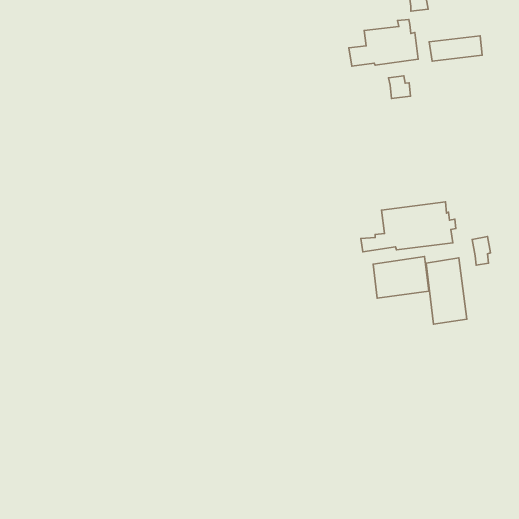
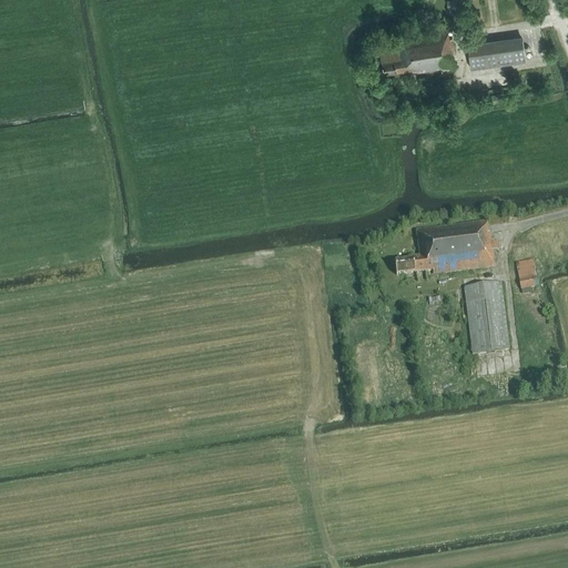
building: [388,76,411,99] -> none
building: [373,256,429,298] -> none

